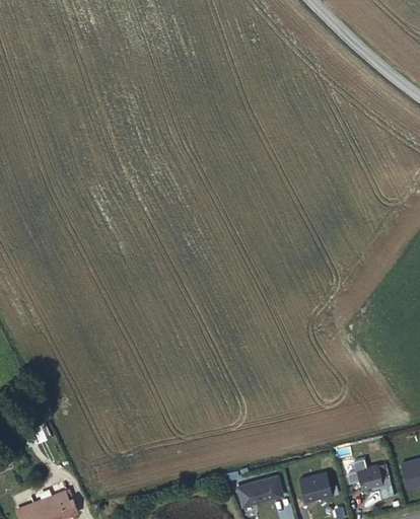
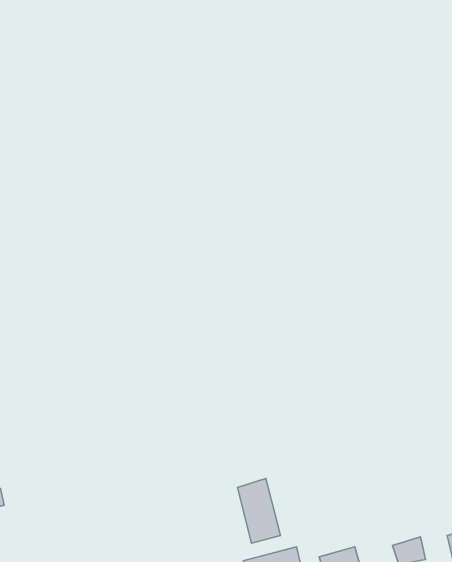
building: none -> [238,478,280,543]

